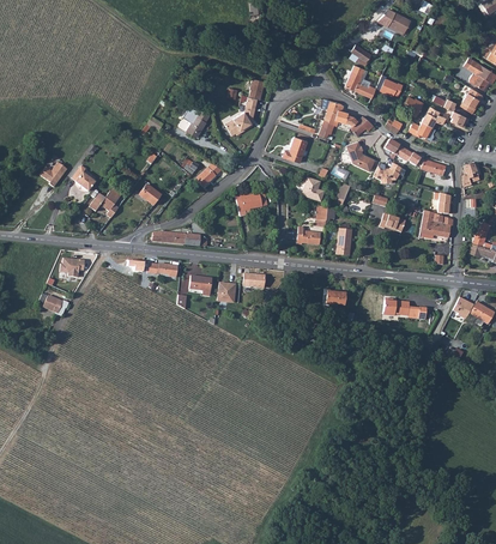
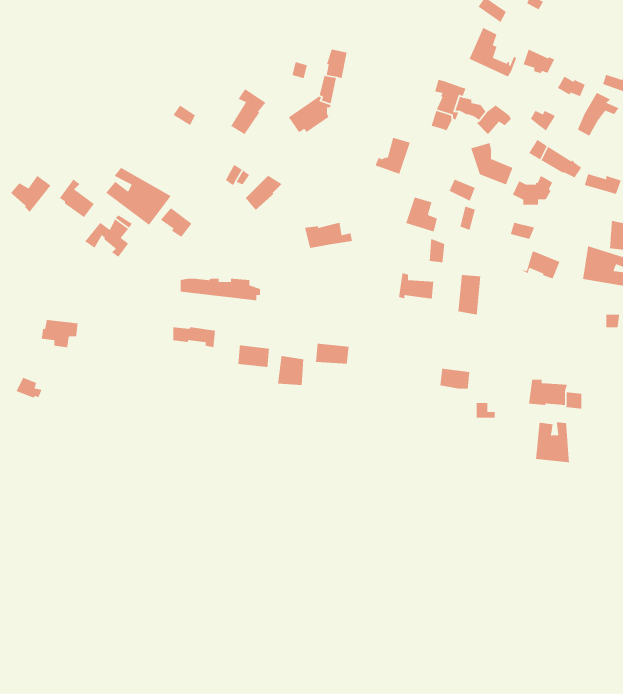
building: none -> [105,167,172,226]
building: none -> [535,421,570,463]

